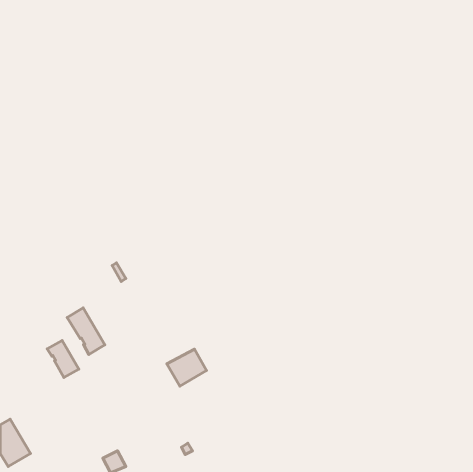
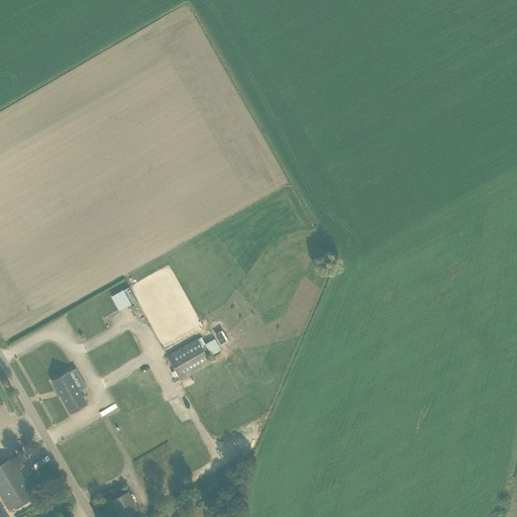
building: [67,308,105,355] -> none
building: [167,349,207,386] -> [167,339,210,380]

